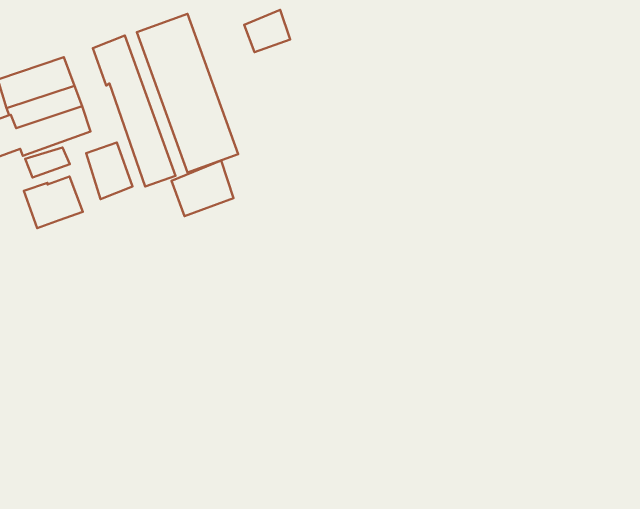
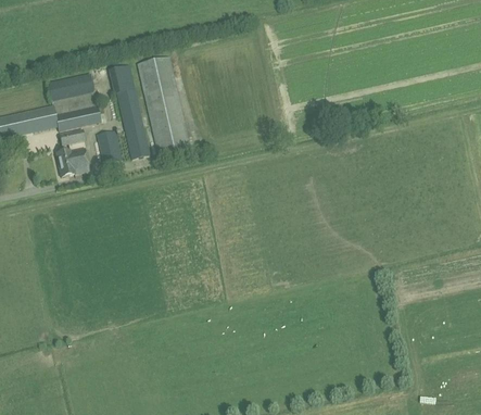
building: [244,10,290,52] -> none
building: [171,160,234,216] -> none

